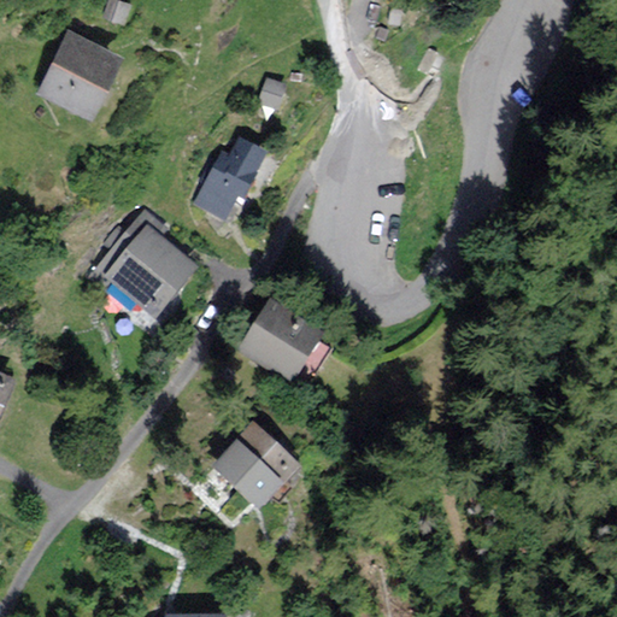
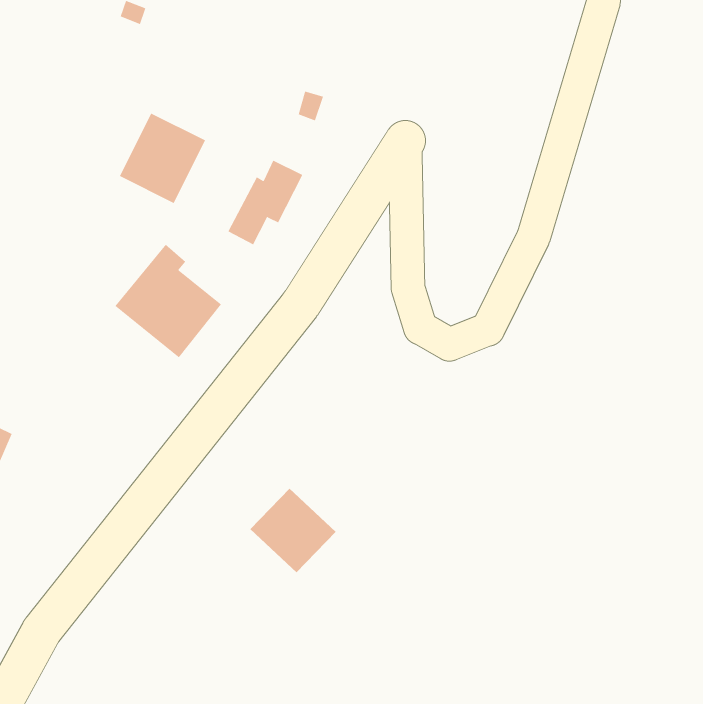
building: [42,36,118,116] -> [119,113,206,204]
building: [242,304,317,376] -> none

